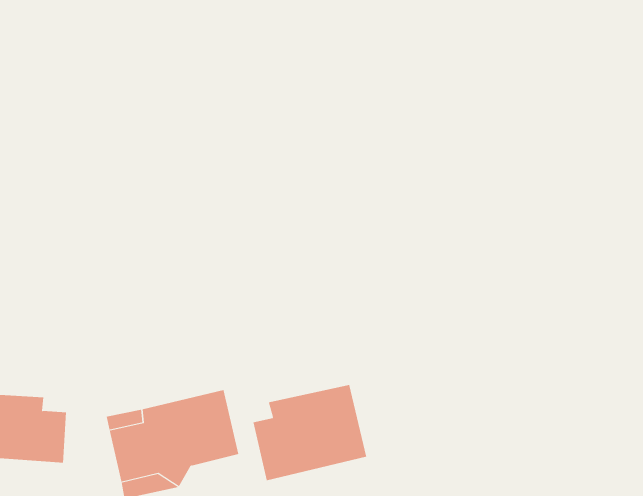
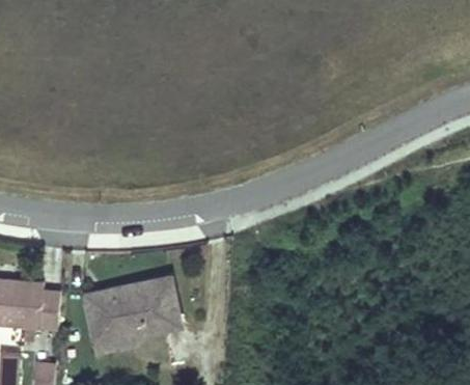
building: [253,384,367,481] -> none

